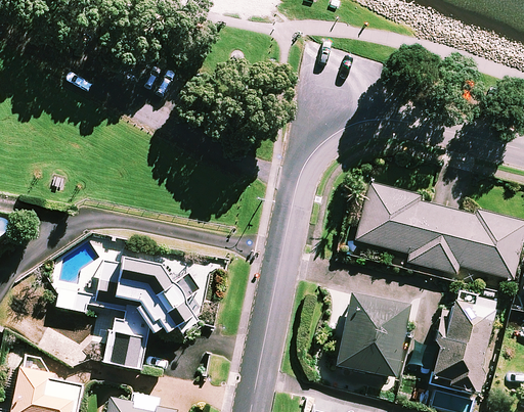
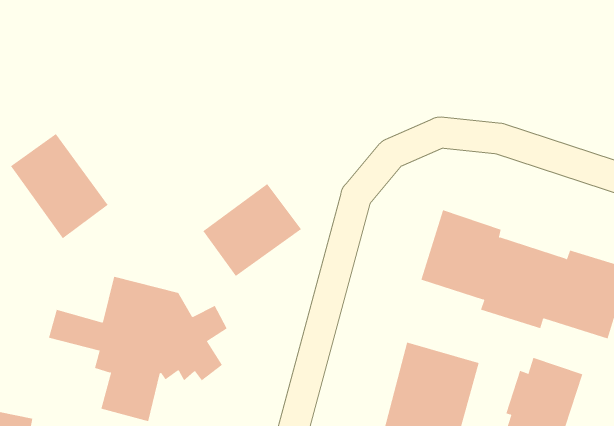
building: none -> [10,133,109,239]
building: none -> [203,183,302,277]

